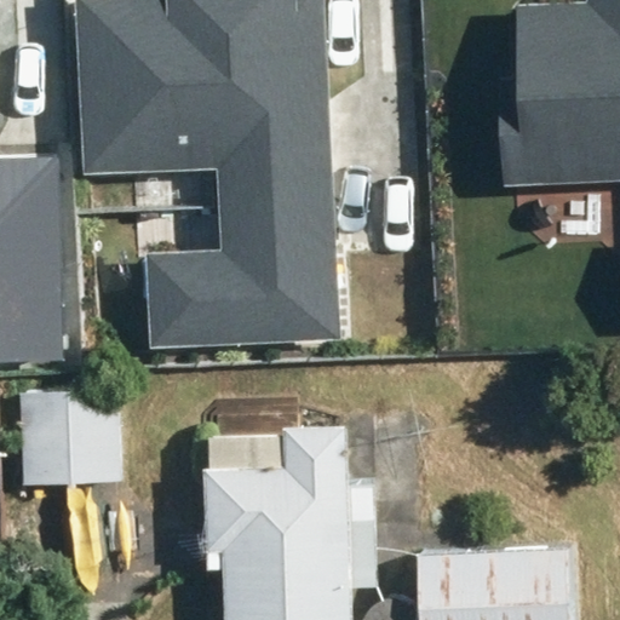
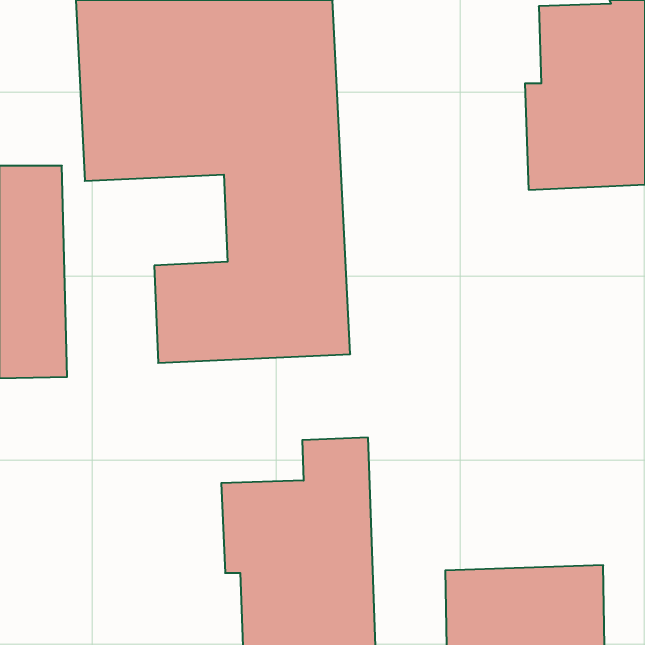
building: [27,389,128,483] -> none

